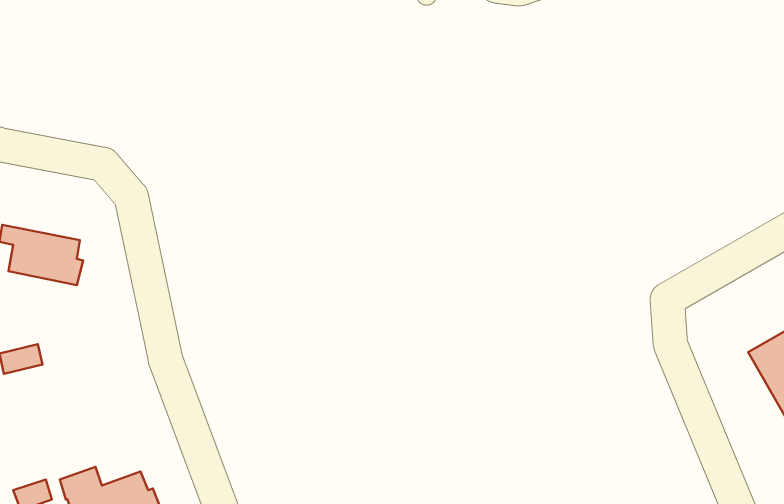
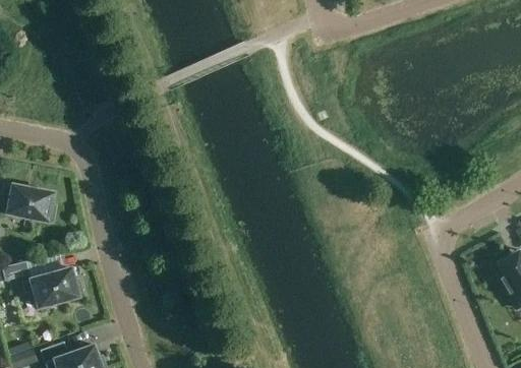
building: none -> [22,267,84,307]

